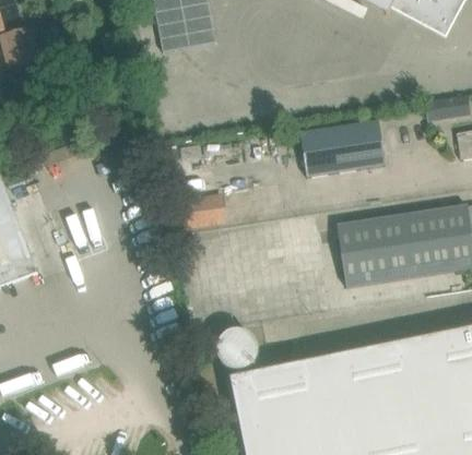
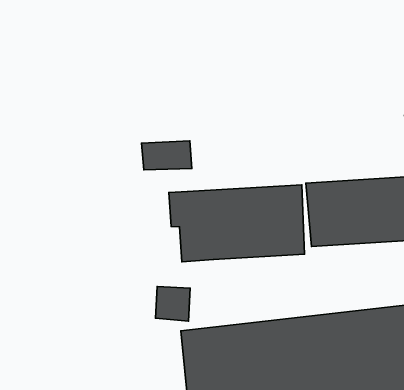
building: [299,120,385,175] -> none
building: none -> [169,185,304,262]

